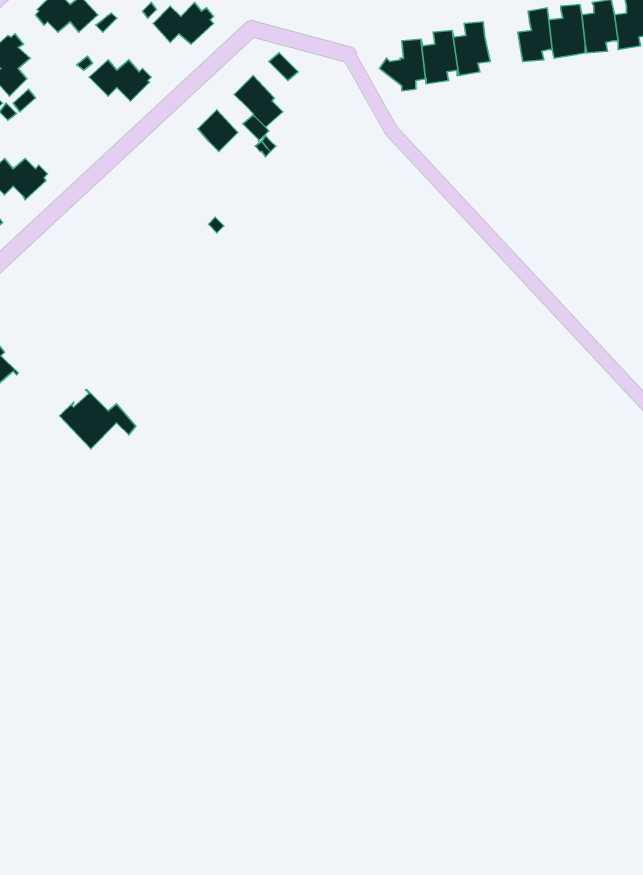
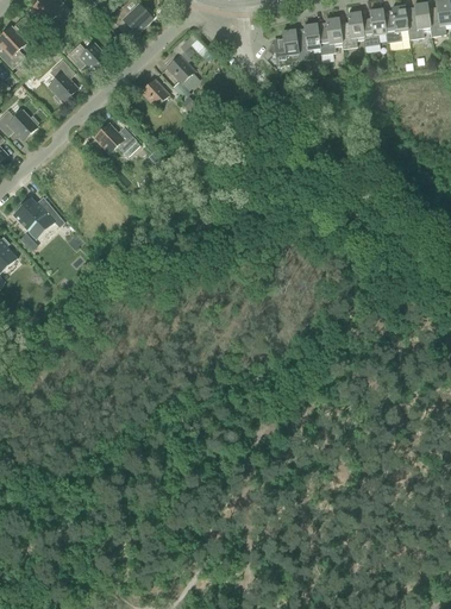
building: none -> [339,11,364,48]
building: none -> [49,59,77,102]
building: none -> [94,123,140,156]
building: [60,390,136,449] -> [12,196,64,237]

